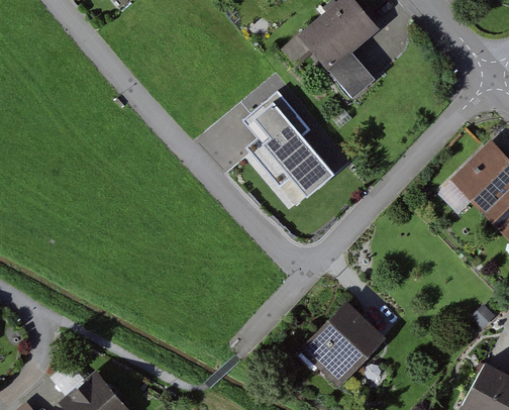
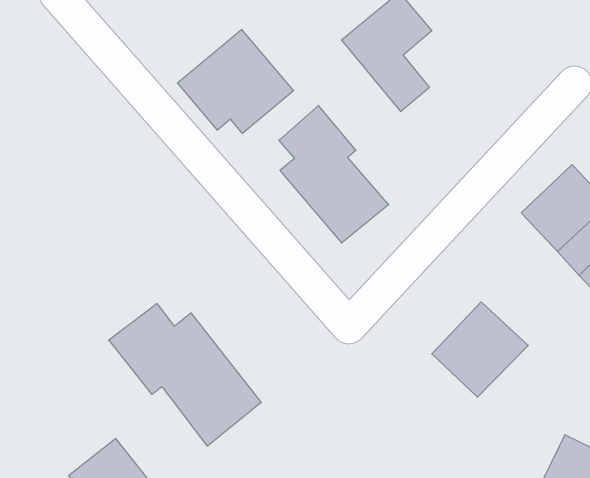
building: none -> [178,29,293,134]
building: none -> [109,304,261,446]
building: [298,305,379,385] -> [432,302,528,397]

